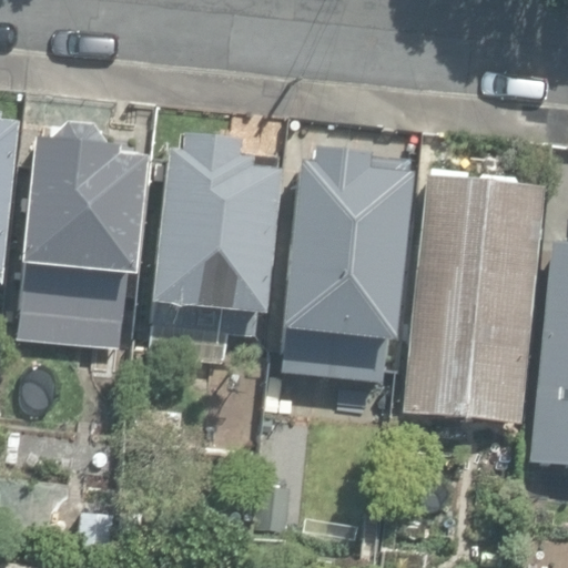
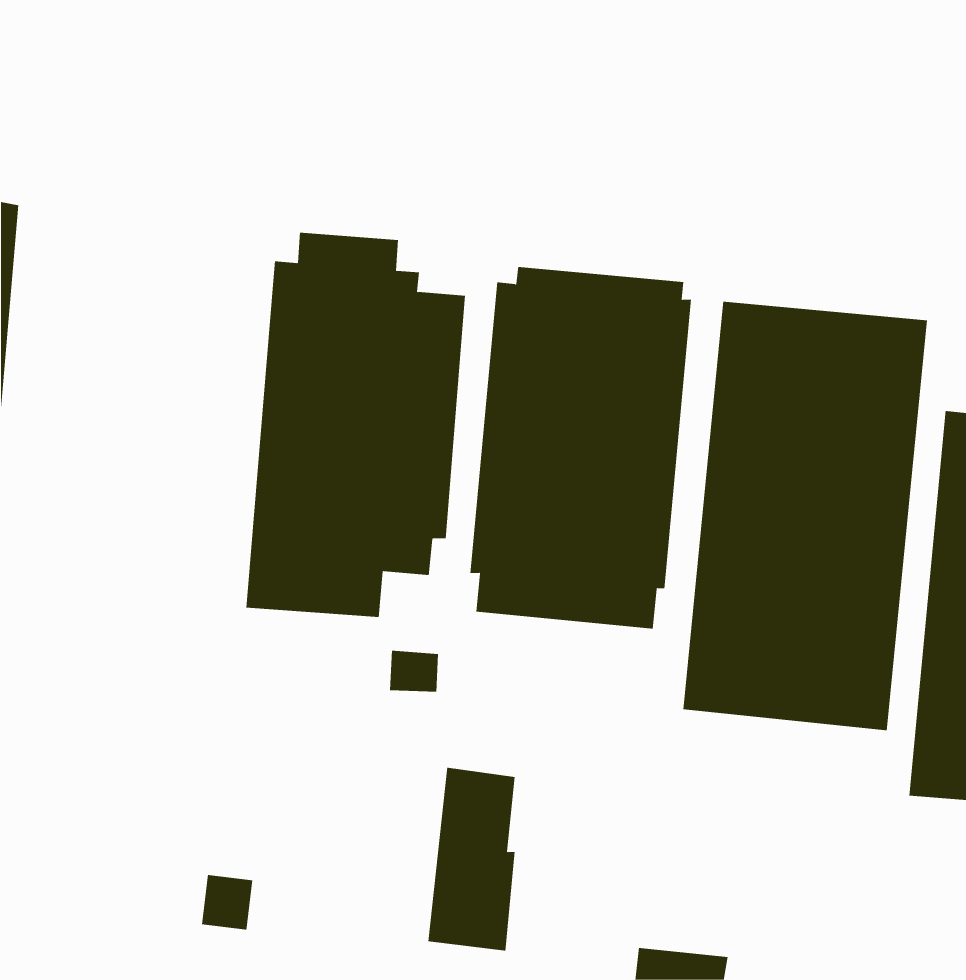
building: [26,130,149,326] -> none

